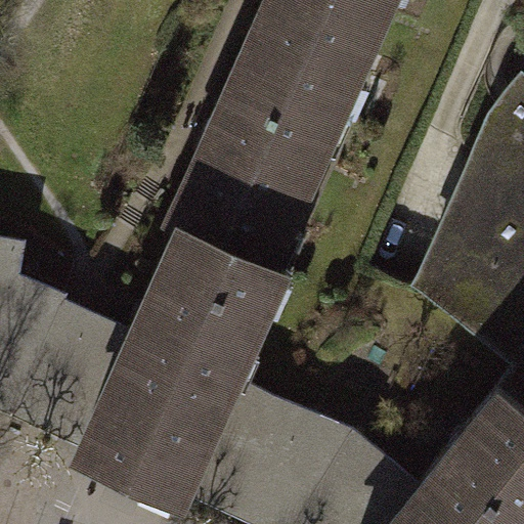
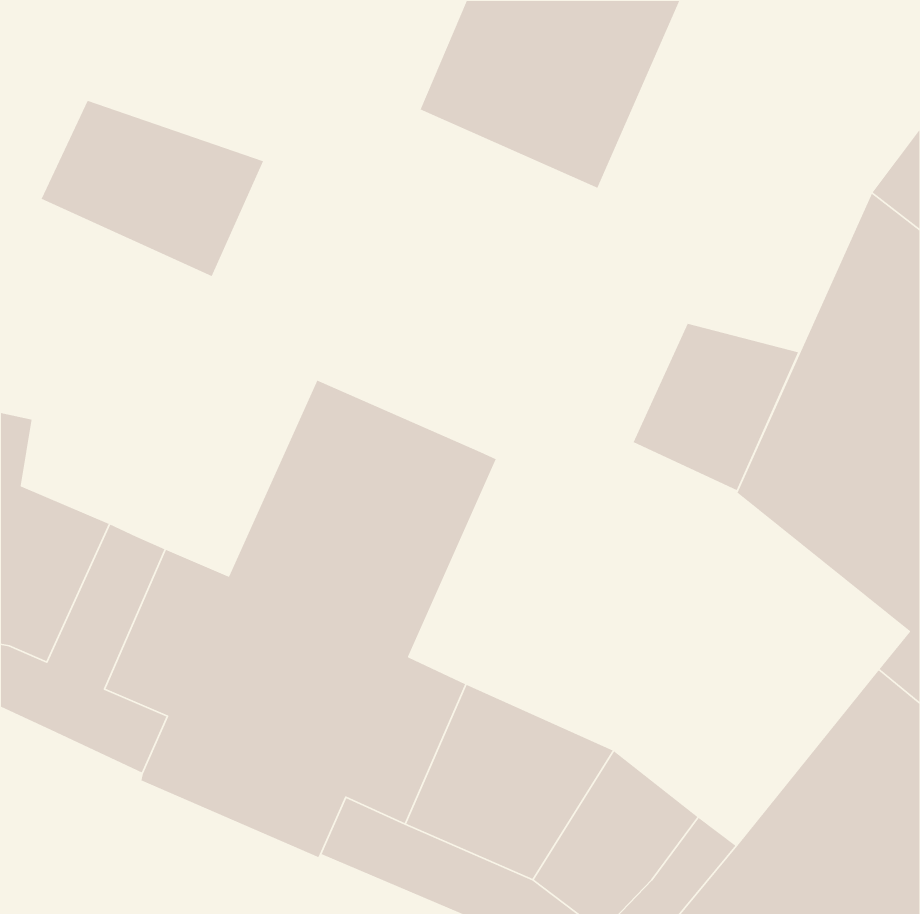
building: none -> [40,100,264,277]
building: [172,66,340,260] -> none
building: none -> [633,323,799,491]

